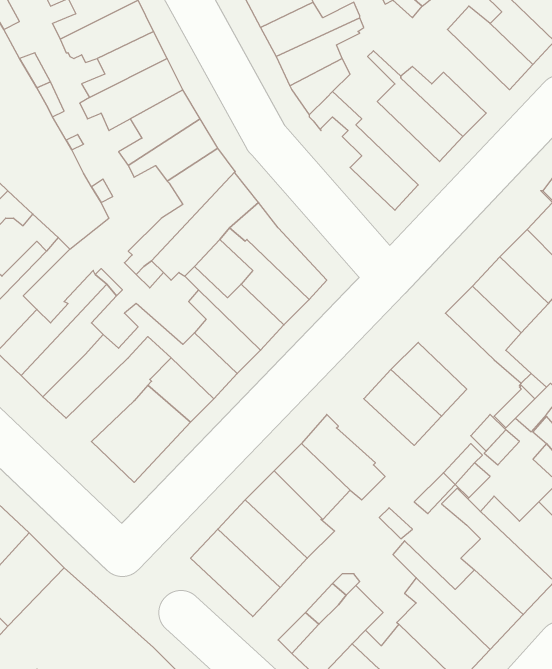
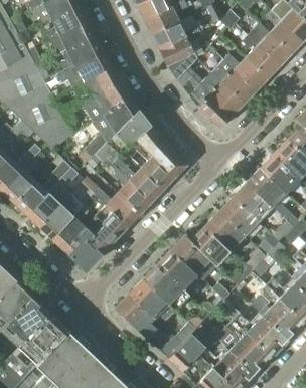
building: none -> [243,35,281,78]
building: none -> [201,72,245,116]
building: none -> [234,182,273,221]
building: none -> [51,205,90,248]
building: none -> [191,226,232,266]

